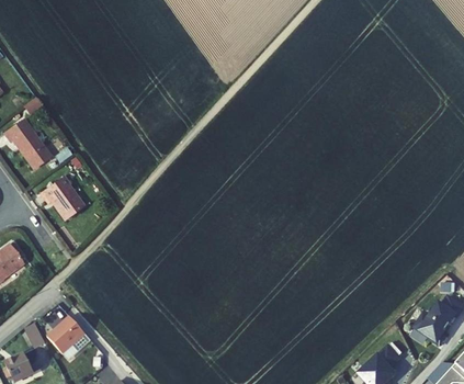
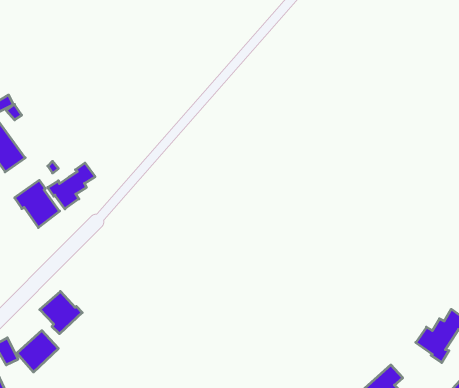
building: none -> [48,163,95,209]
building: none -> [40,291,82,334]

